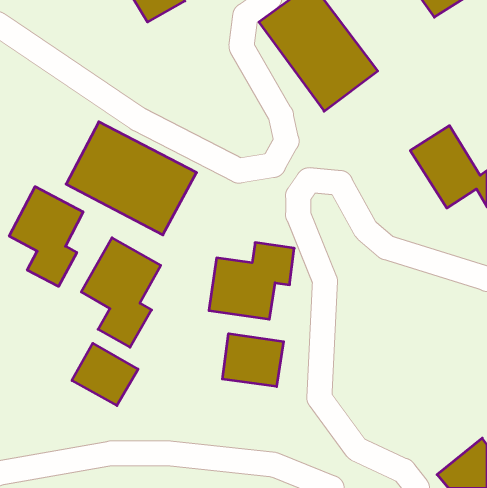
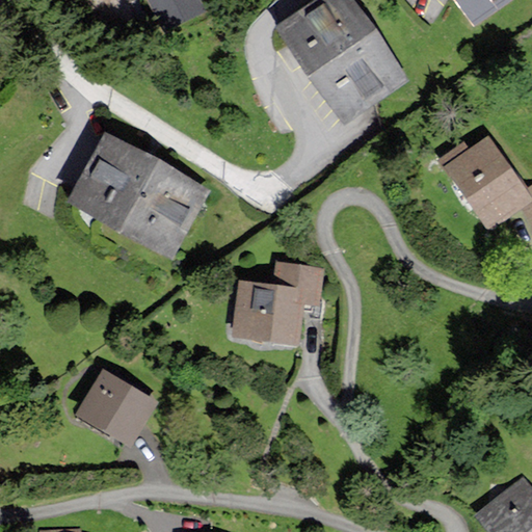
building: [9,187,83,286] -> none
building: [81,238,161,347] -> none
building: [222,334,284,387] -> none

